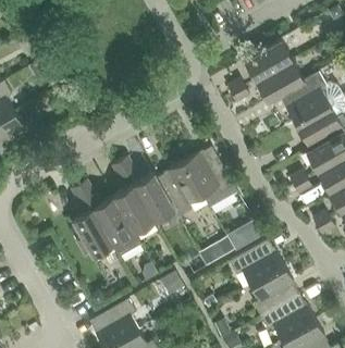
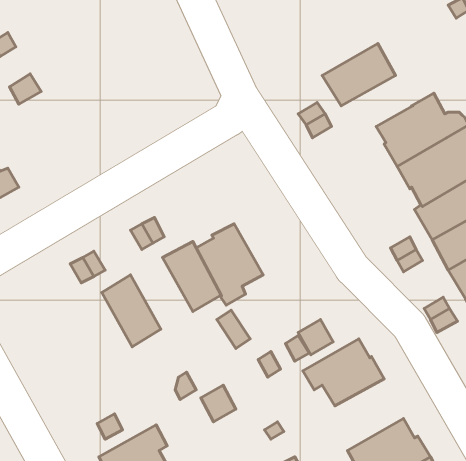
building: [256,61,305,102] -> none
building: [183,148,233,197] -> none
building: [112,185,155,234] -> none
building: [72,209,113,257] -> none
building: [251,268,298,316] -> none

